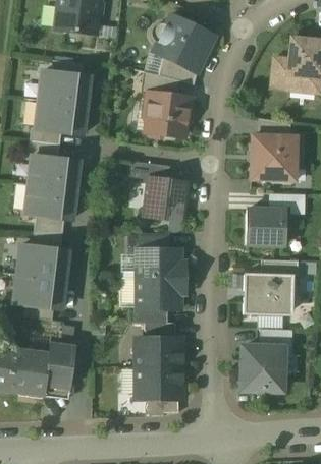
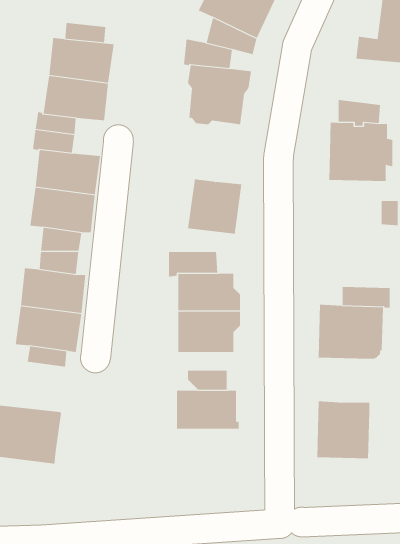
building: [130,162,167,181] -> none
building: [246,210,285,245] -> none
building: [130,307,167,324] -> none
building: [259,330,291,356] -> none
building: [45,346,75,394] -> none
building: [136,368,183,400] -> none

